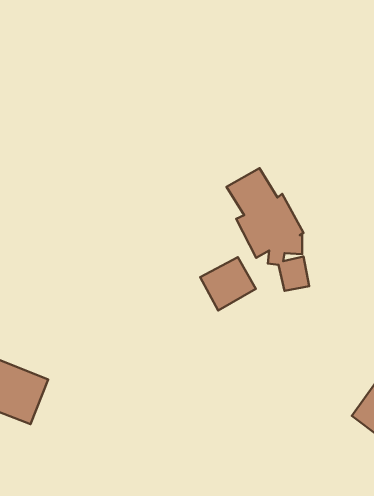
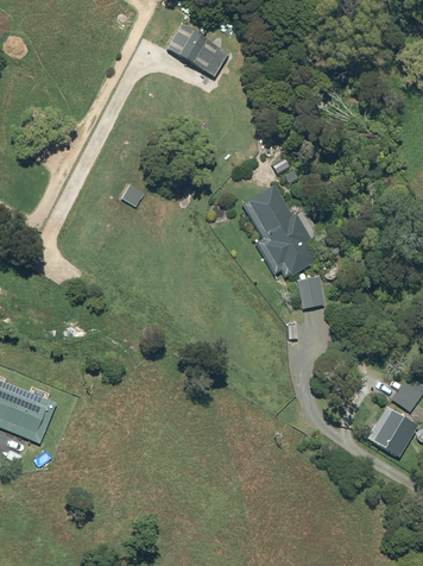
building: none -> [165,21,229,80]
building: [200,257,256,310] -> none

